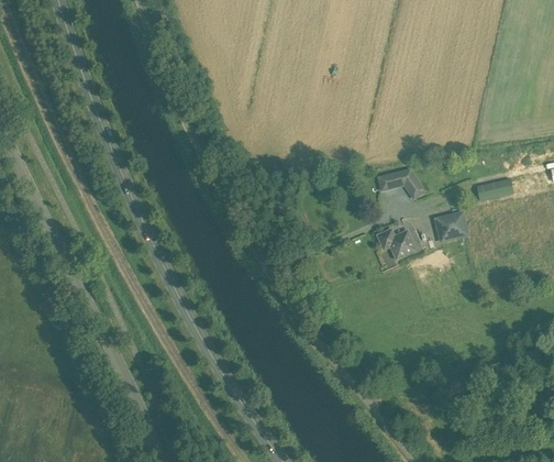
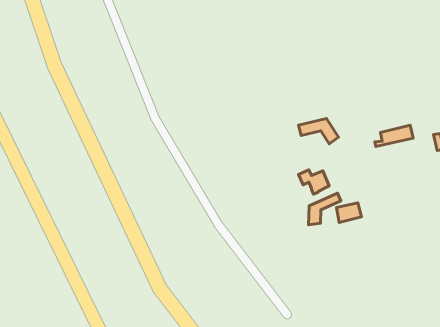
building: [436,215,466,238] -> [336,203,362,222]
building: none -> [309,193,341,225]

